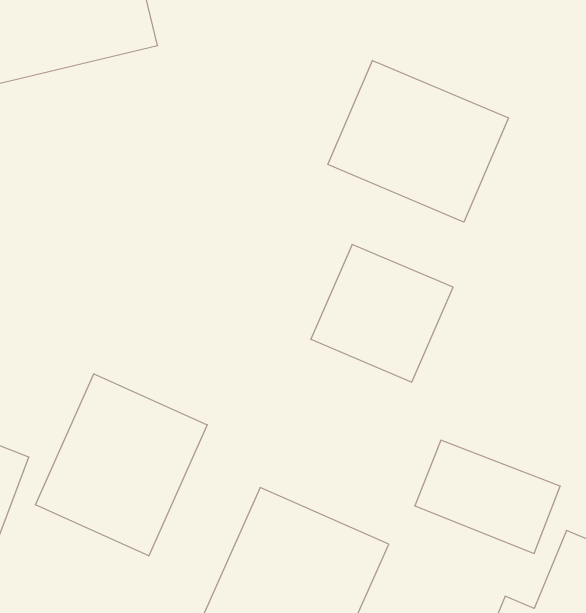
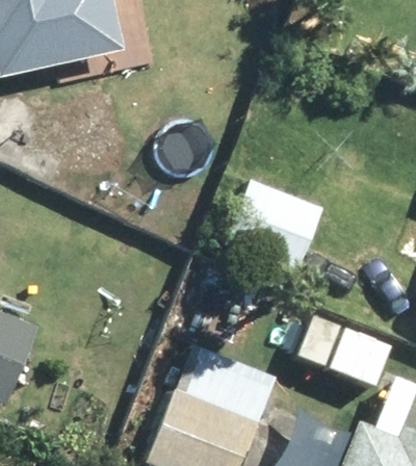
building: [328,60,508,222] -> none
building: [35,374,207,556] -> none

